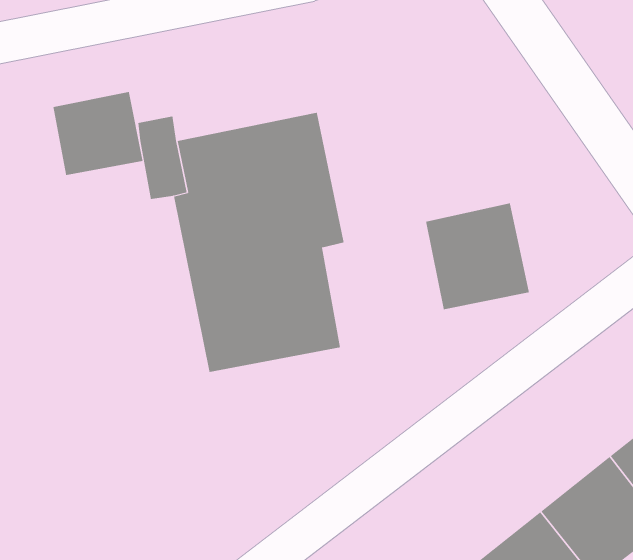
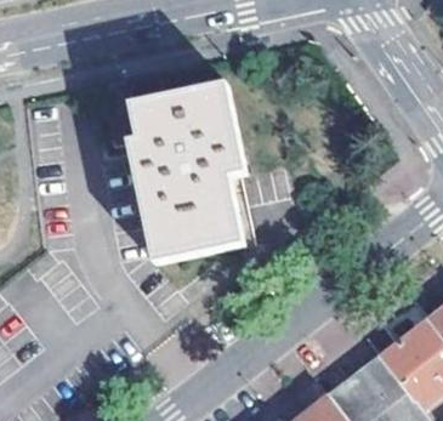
building: [53,91,143,176] -> none
building: [426,203,529,310] -> none

